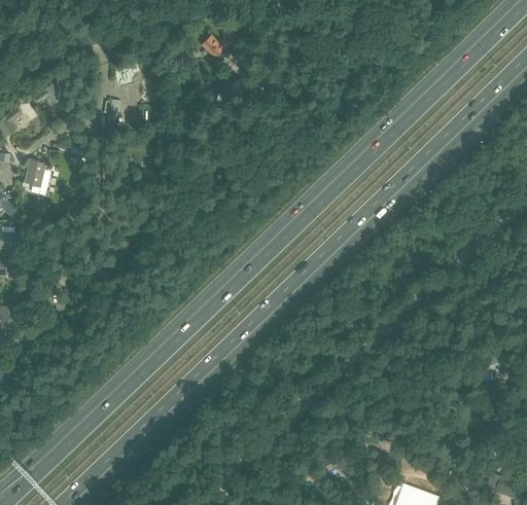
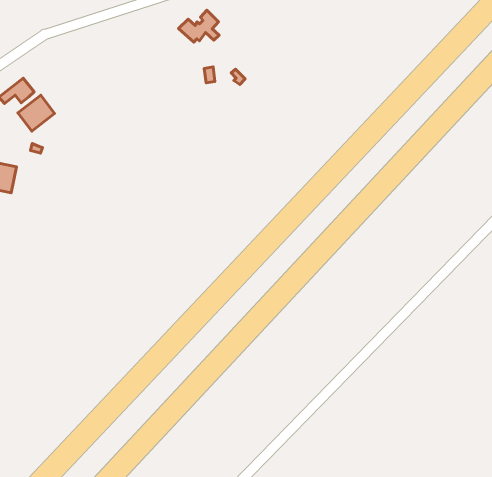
building: none -> [18,95,55,131]

